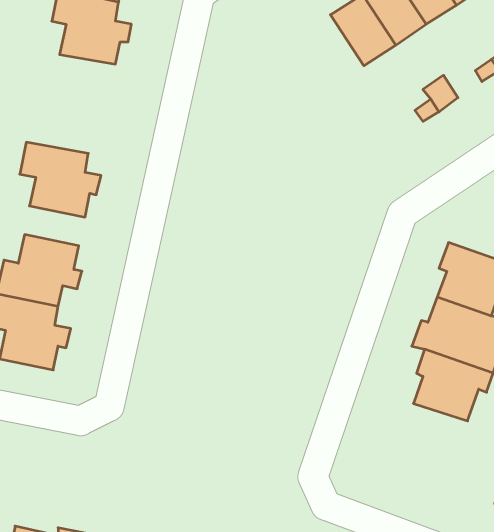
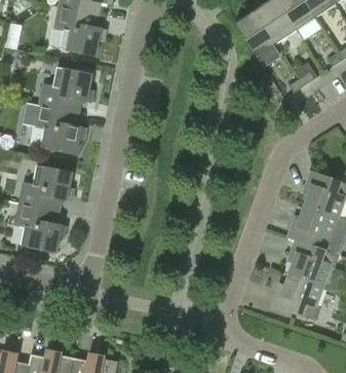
building: none -> [38,67,93,113]
building: none -> [272,274,322,321]

